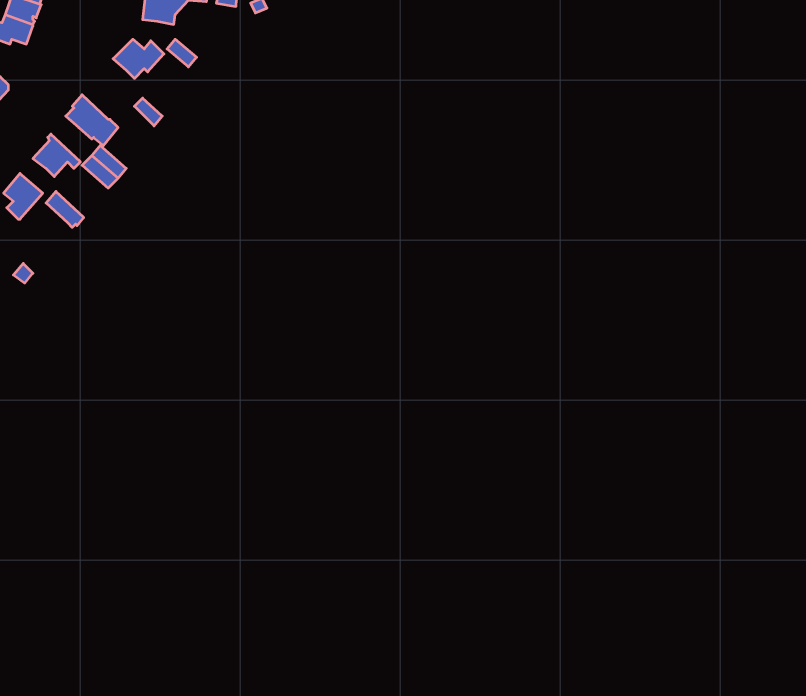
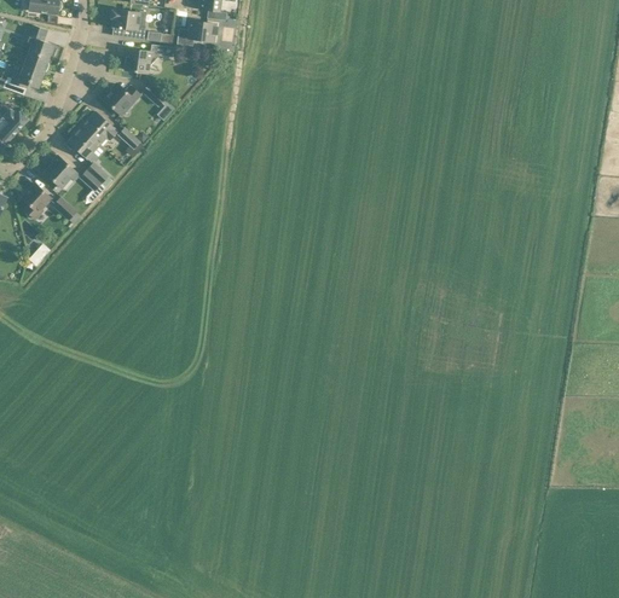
building: none -> [79,110,116,143]

